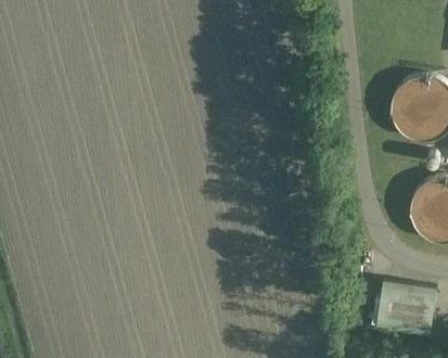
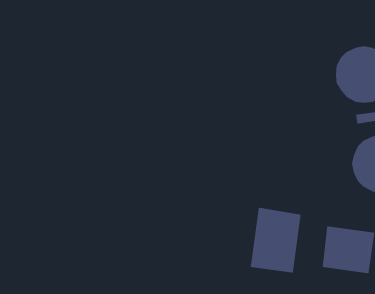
building: none -> [250,207,302,274]

